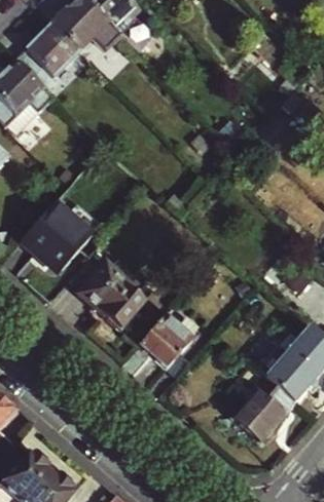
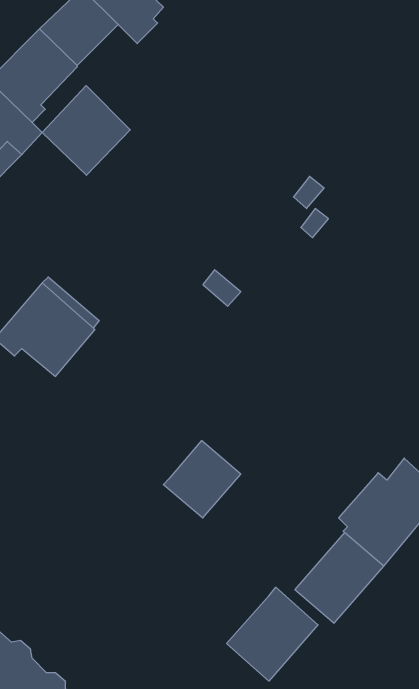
building: none -> [42,86,130,175]
building: [78,262,145,330] -> none
building: none -> [227,587,318,681]

